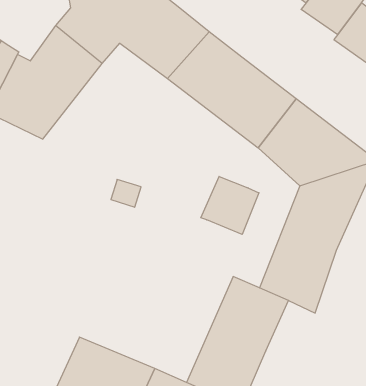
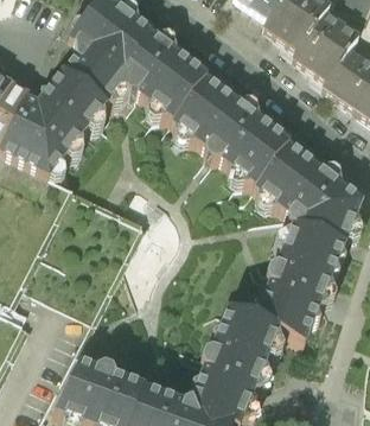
building: [201,176,259,234] -> none

